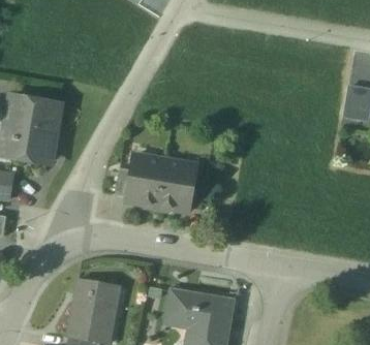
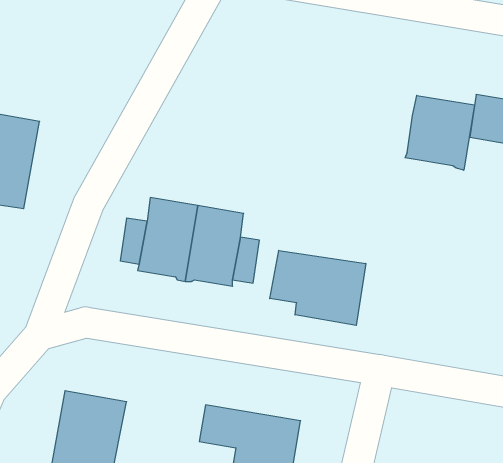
building: none -> [405,95,475,170]
building: none -> [270,250,366,325]

